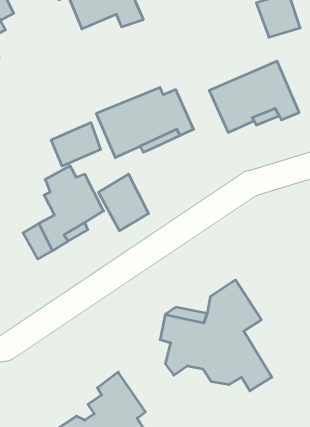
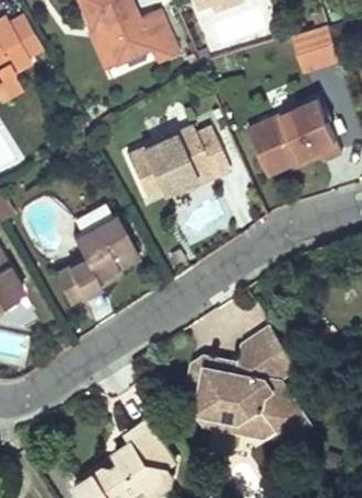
building: [51,123,101,166] -> none
building: [99,174,149,231] -> none

